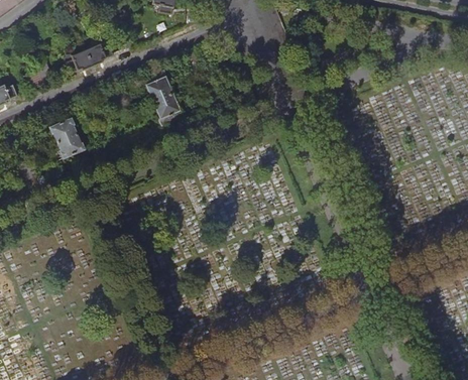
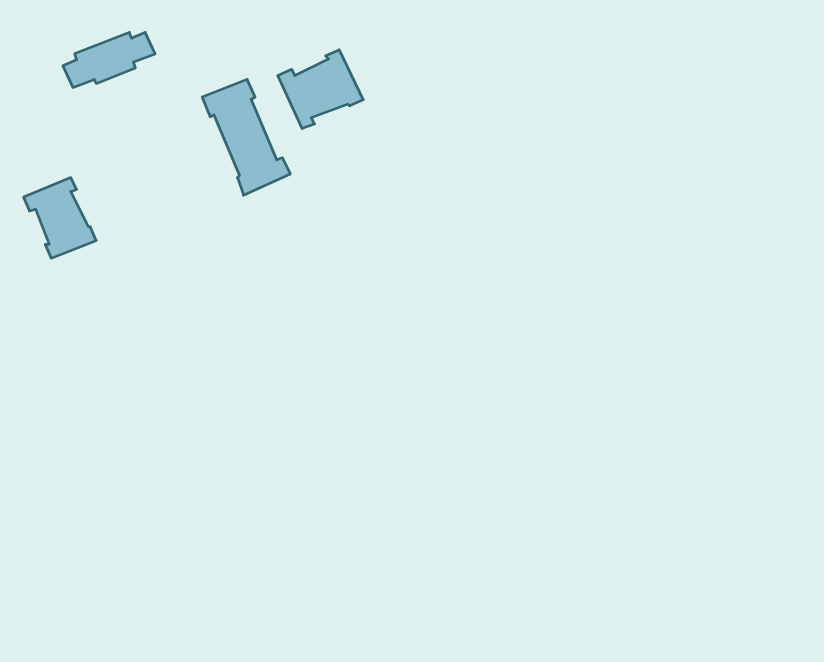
building: none -> [278,50,363,129]

